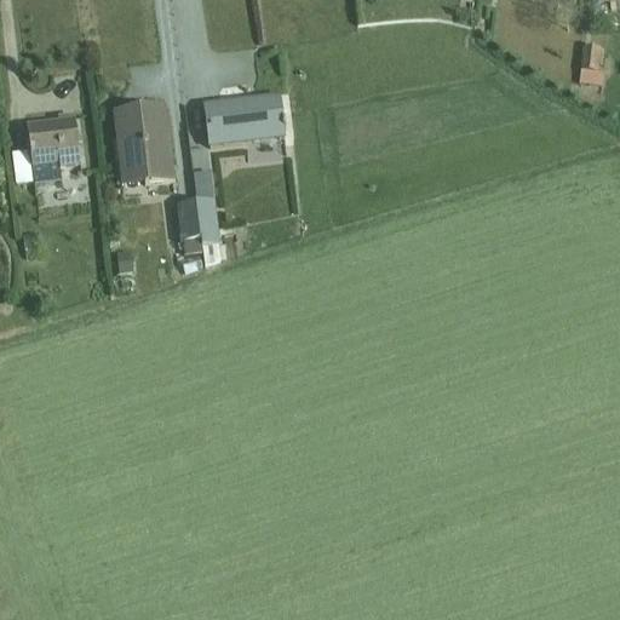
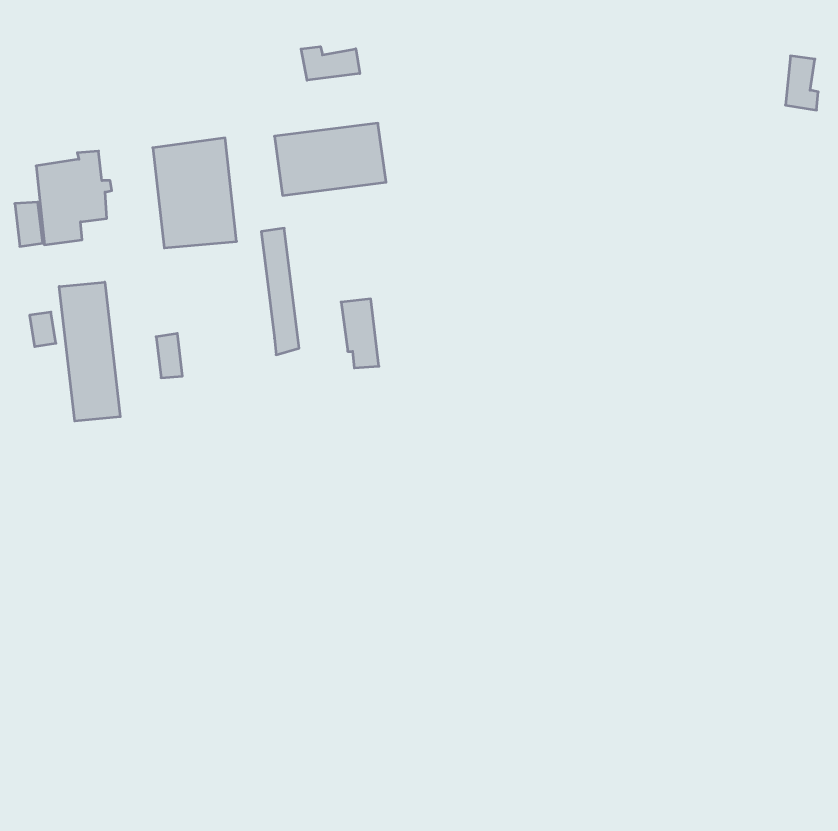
building: none -> [301,47,360,80]
building: [174,200,202,251] -> [341,299,379,368]
building: none -> [59,282,120,421]

